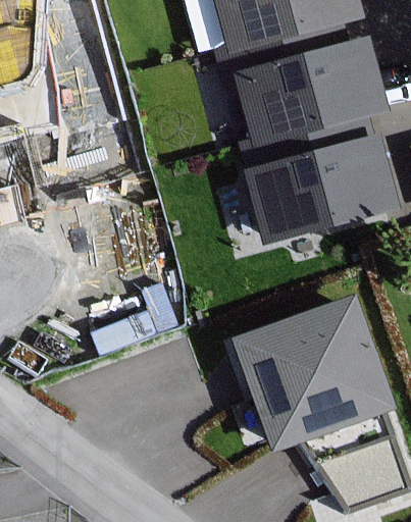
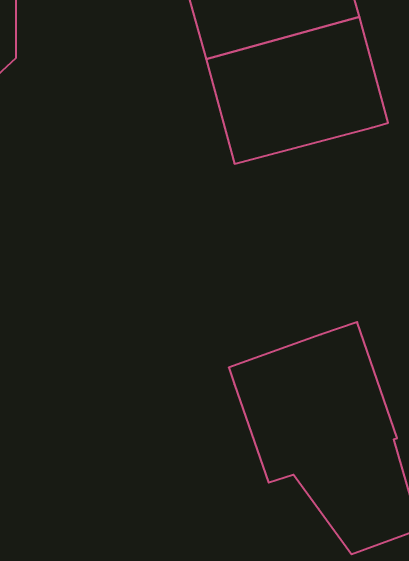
building: [225,119,395,247] -> none

